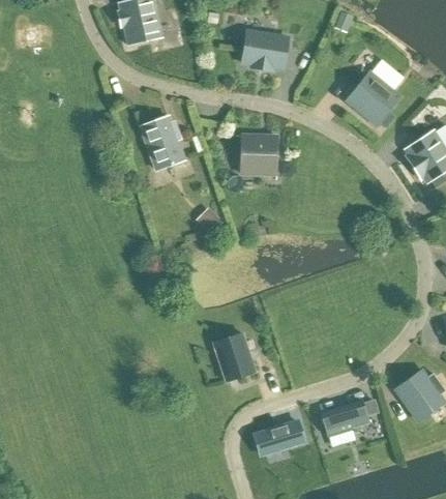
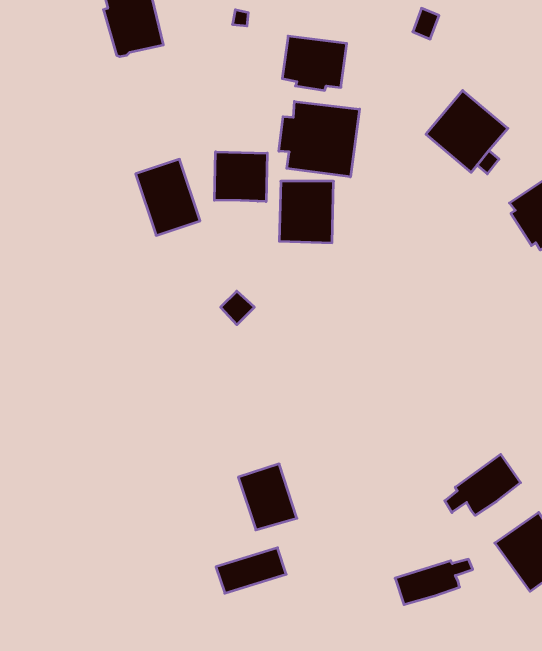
building: none -> [279,101,360,177]
building: none -> [214,152,267,202]
building: none -> [445,454,521,515]
building: [256,420,305,452] -> [216,548,286,593]

